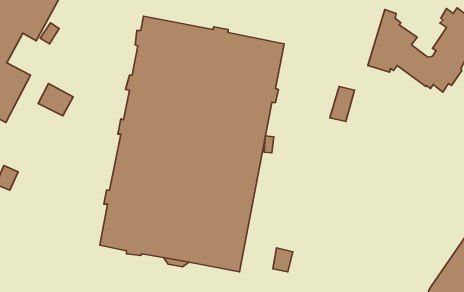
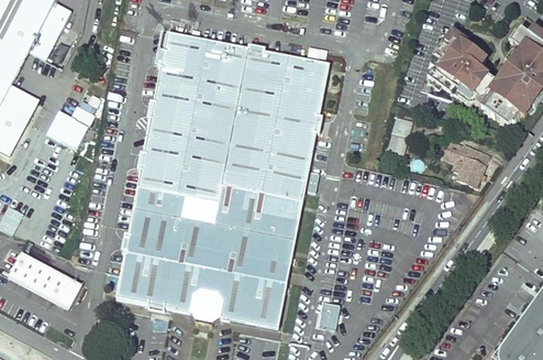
building: none -> [442,137,491,189]
building: none -> [7,250,82,310]

